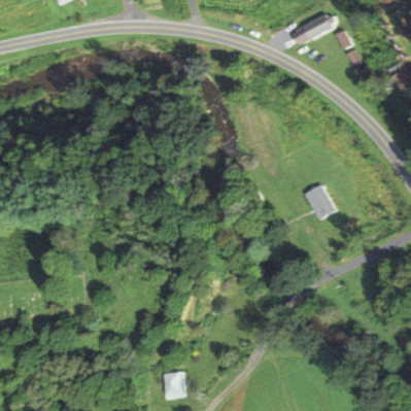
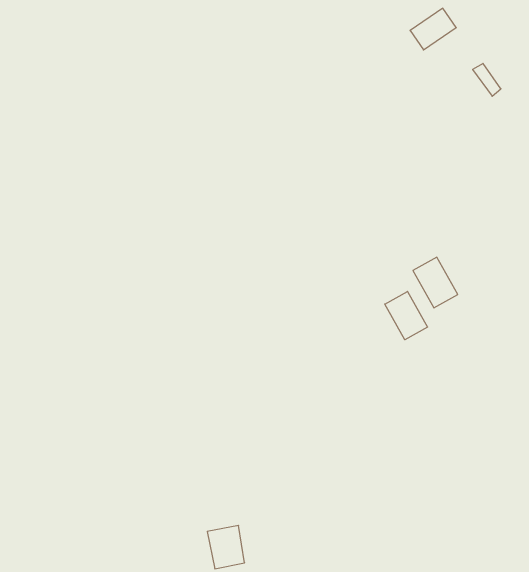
building: none -> [385,291,428,340]

